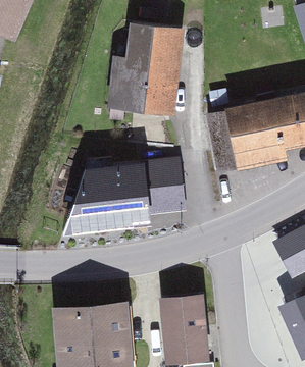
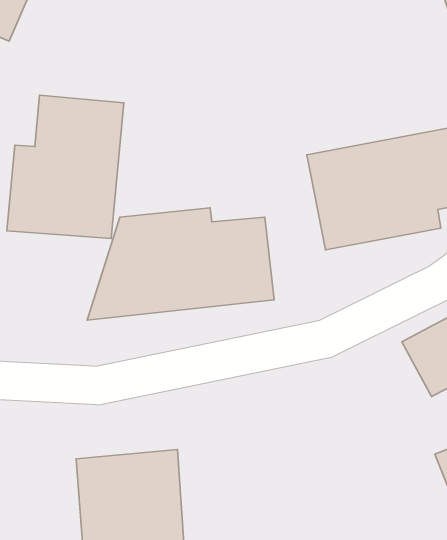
building: [109,24,186,118] -> [7,95,124,239]
building: [161,298,203,358] -> none

